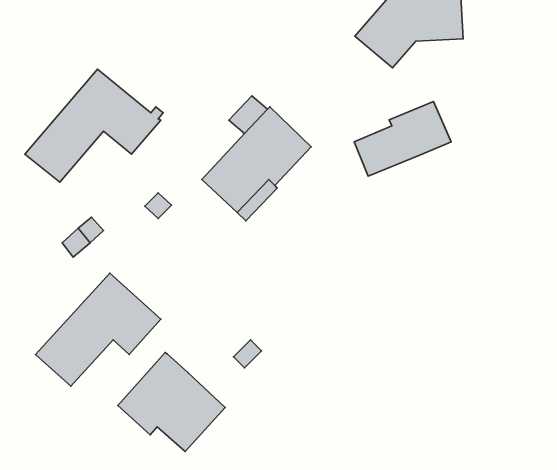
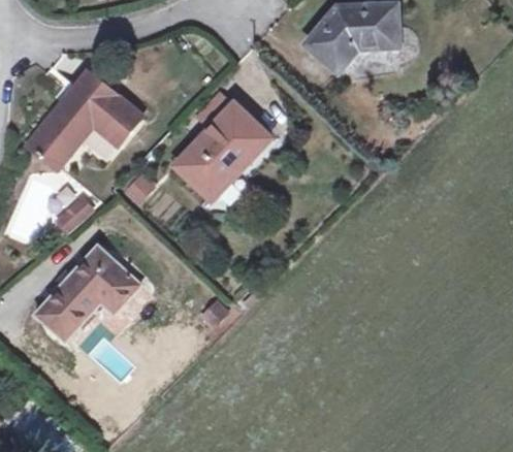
building: [354,101,451,176] -> none
building: [118,352,225,451] -> none

